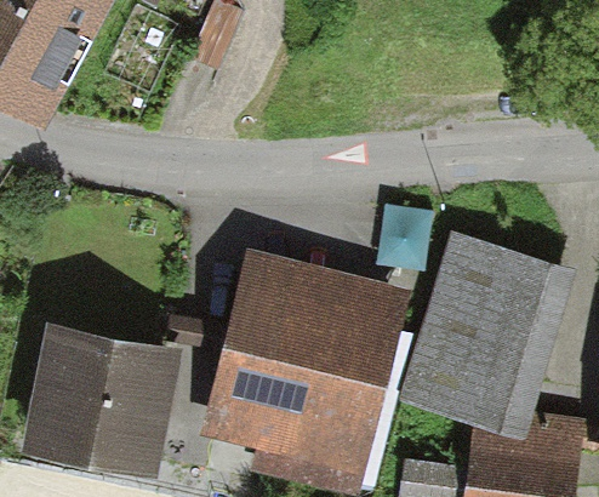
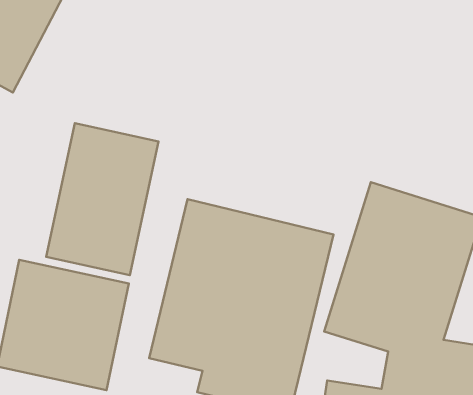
building: none -> [46,123,158,275]

